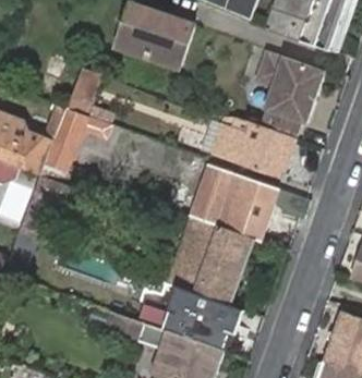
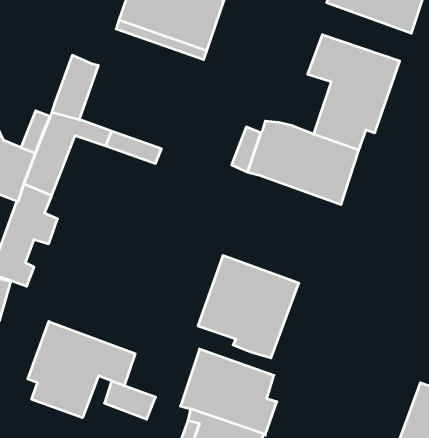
building: [192,164,310,241] -> none
building: none -> [28,321,135,418]

